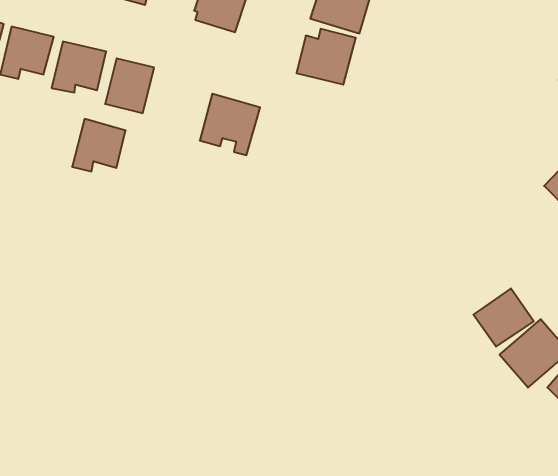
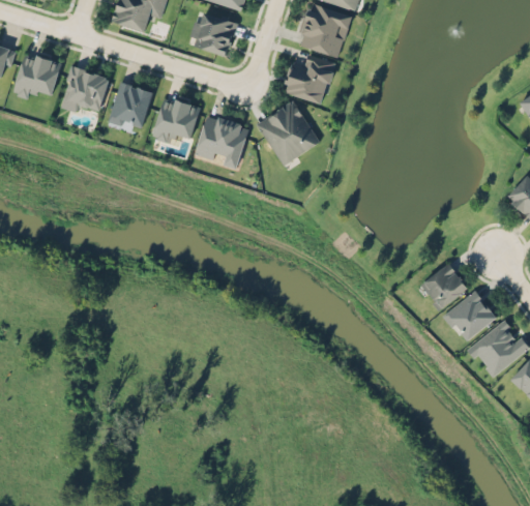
building: none -> [256,99,321,166]
building: [72,119,126,171] -> [152,95,201,143]
building: none -> [419,262,469,311]

